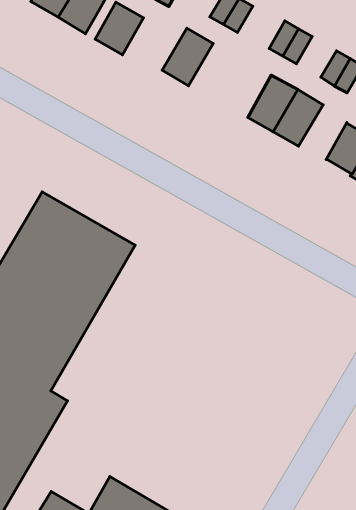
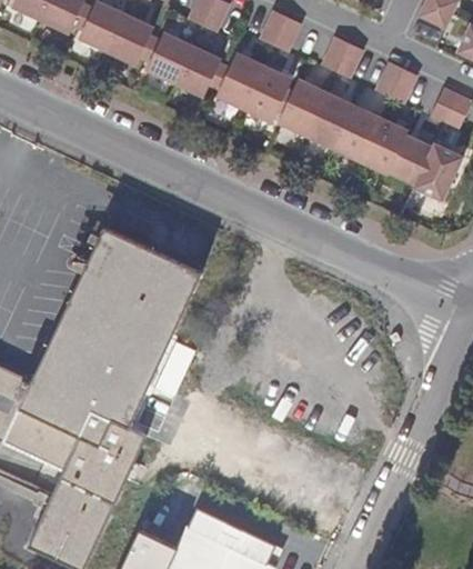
building: none -> [173,44,220,97]
building: none -> [242,64,291,122]
building: none -> [276,78,324,136]
building: none -> [358,117,406,173]

